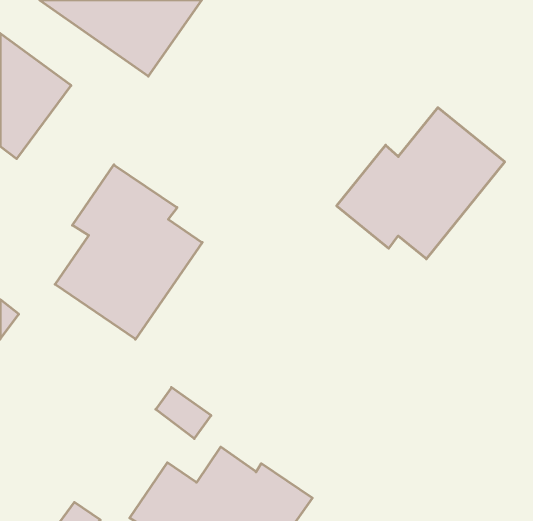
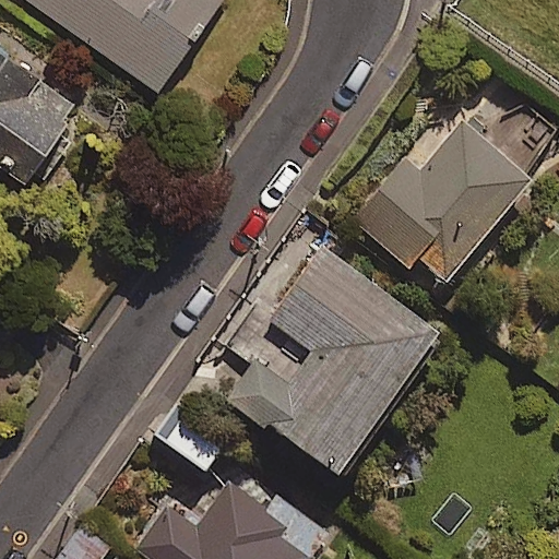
building: [55,165,202,339] -> none
building: none -> [231,241,432,463]

